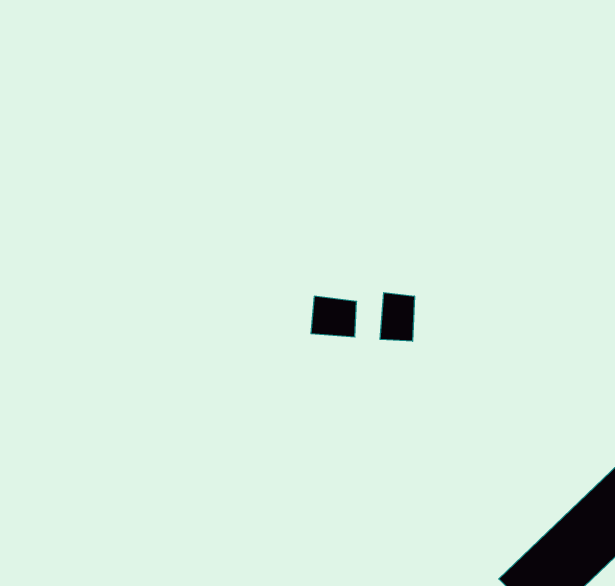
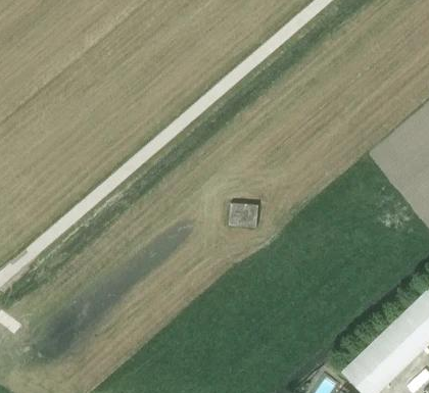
building: [380,293,414,341] -> none

